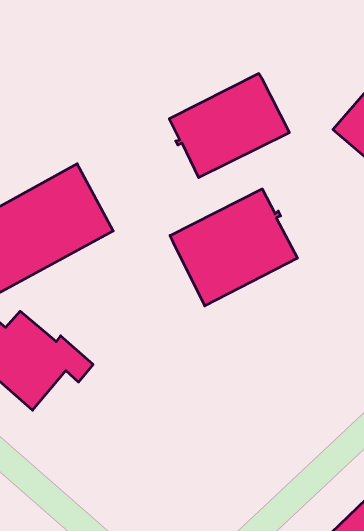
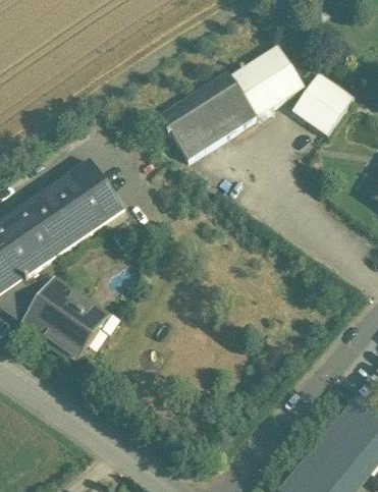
building: none -> [231,46,305,117]
building: [170,189,297,306] -> none

